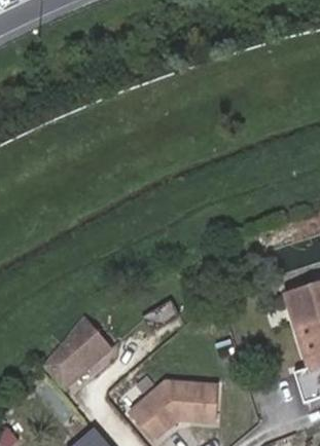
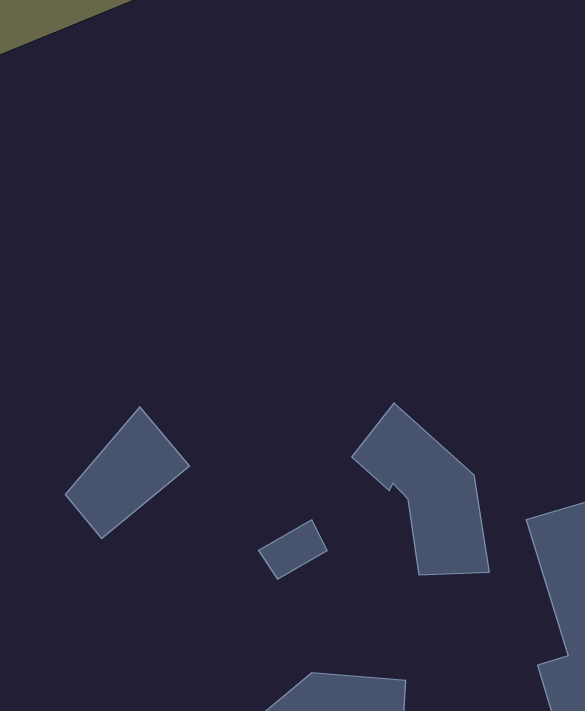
building: none -> [352,403,489,575]
building: [45,318,112,388] -> [65,407,190,539]

